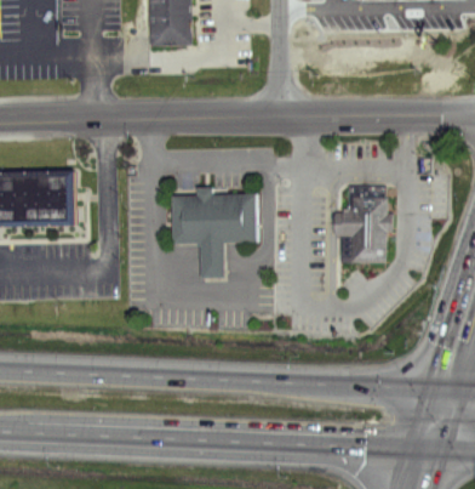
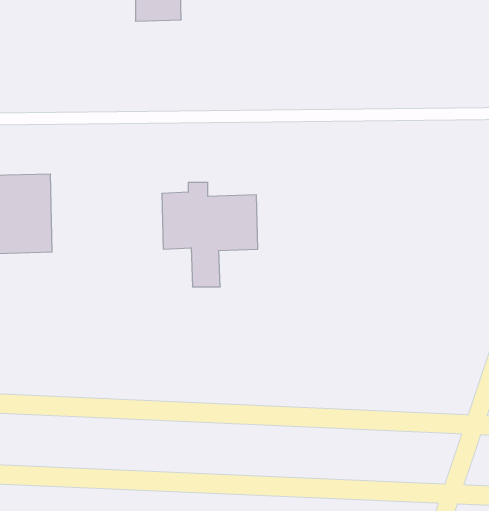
building: [334,183,390,261] -> none

